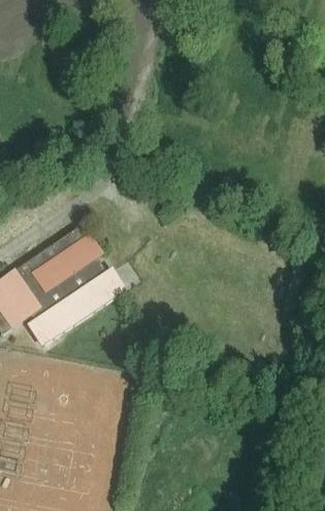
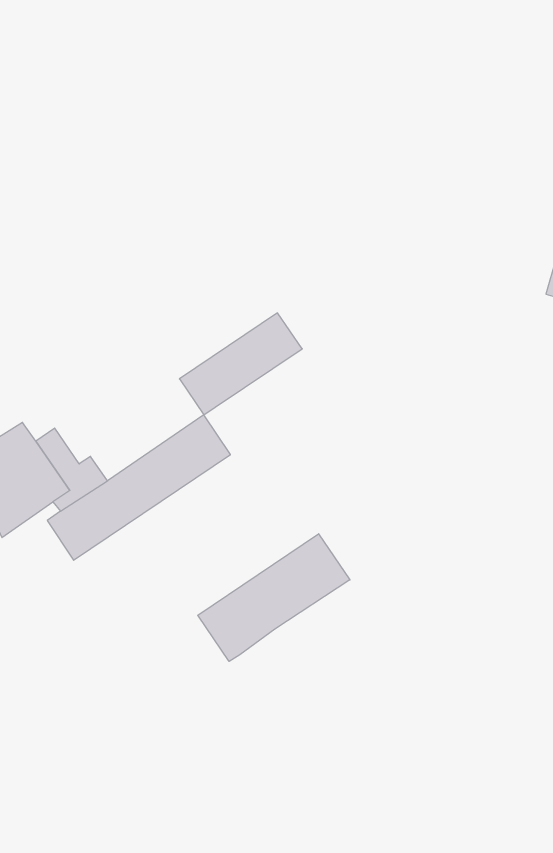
building: [34,231,101,287] -> [179,313,302,415]
building: none -> [198,534,350,661]

